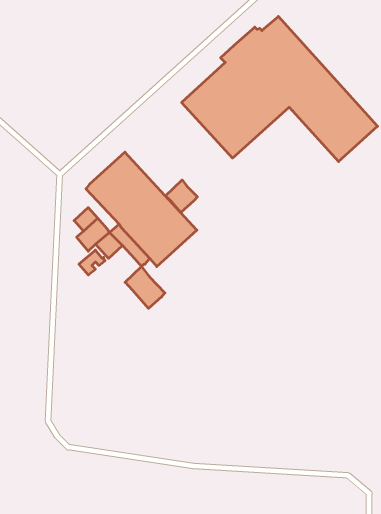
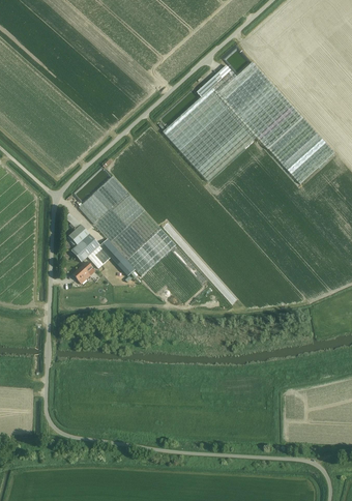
building: [165,180,197,213] -> none
building: [125,267,165,308] -> none

